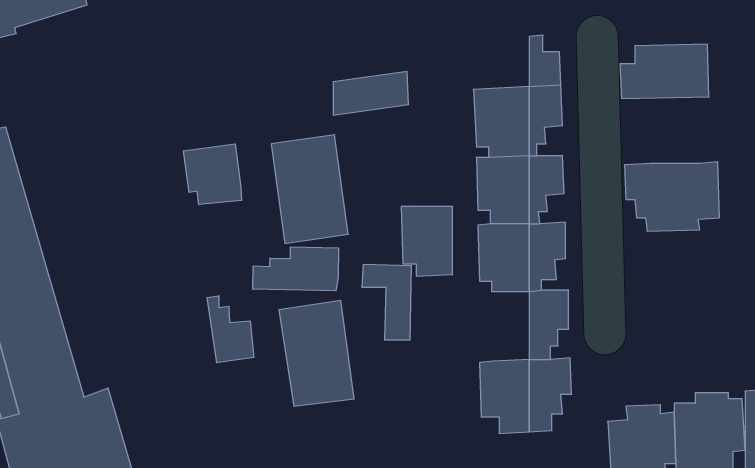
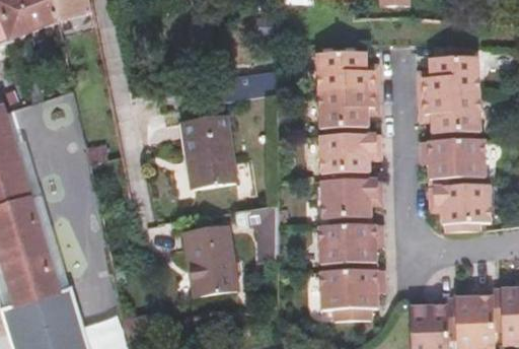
building: none -> [318,52,357,87]
building: none -> [419,92,479,137]
building: [183,144,242,205] -> none
building: [401,207,453,276] -> [322,223,357,270]
building: none -> [430,182,492,228]
building: [253,247,339,291] -> none
building: [207,296,254,363] -> none

